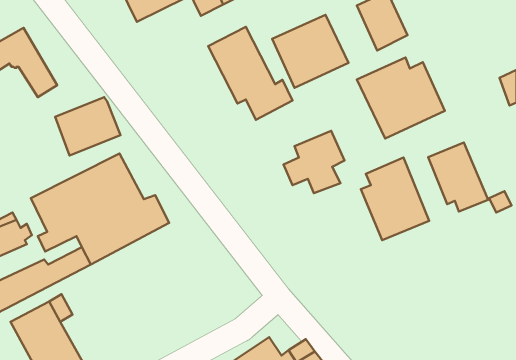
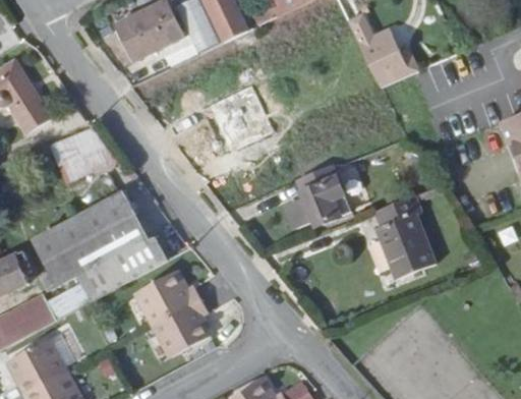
building: [272,15,348,88] -> none
building: [357,57,445,139] -> none
building: [428,143,488,211] -> none
building: none -> [127,270,206,364]

